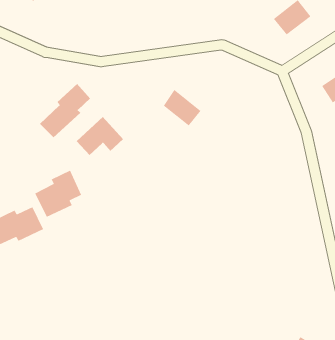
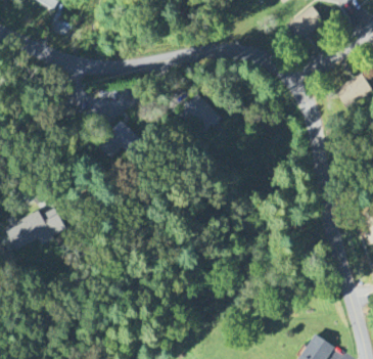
building: [39,83,91,138] -> none
building: [34,170,82,218] -> none

